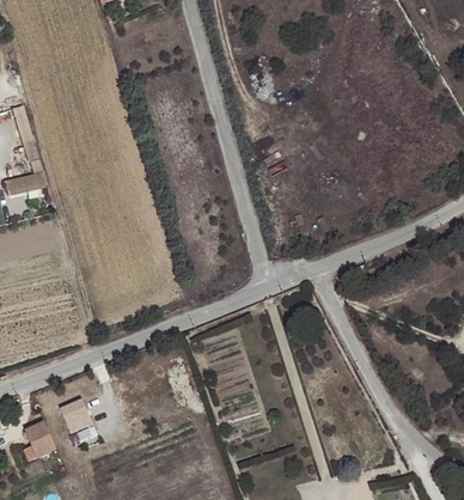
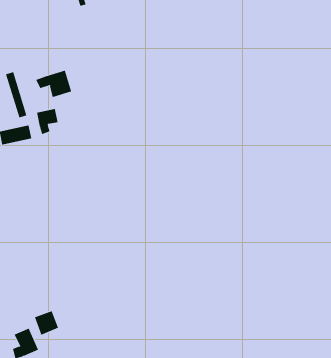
building: none -> [35,70,72,98]
building: none -> [36,108,58,135]

